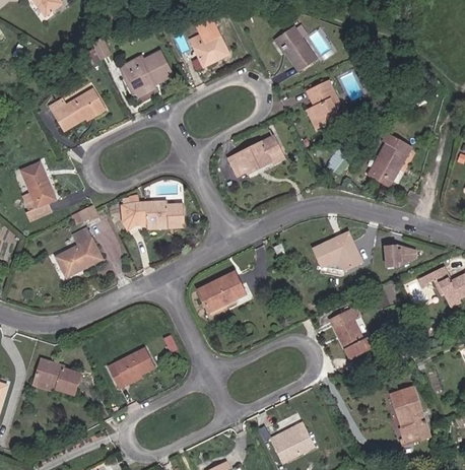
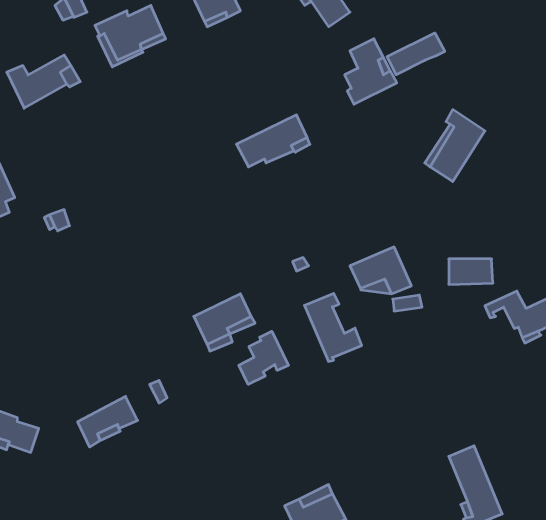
building: none -> [387,33,445,75]
building: [121,200,184,228] -> none
building: [56,227,102,274] -> none
building: none -> [239,331,288,384]
building: [328,309,372,360] -> [304,293,362,361]

